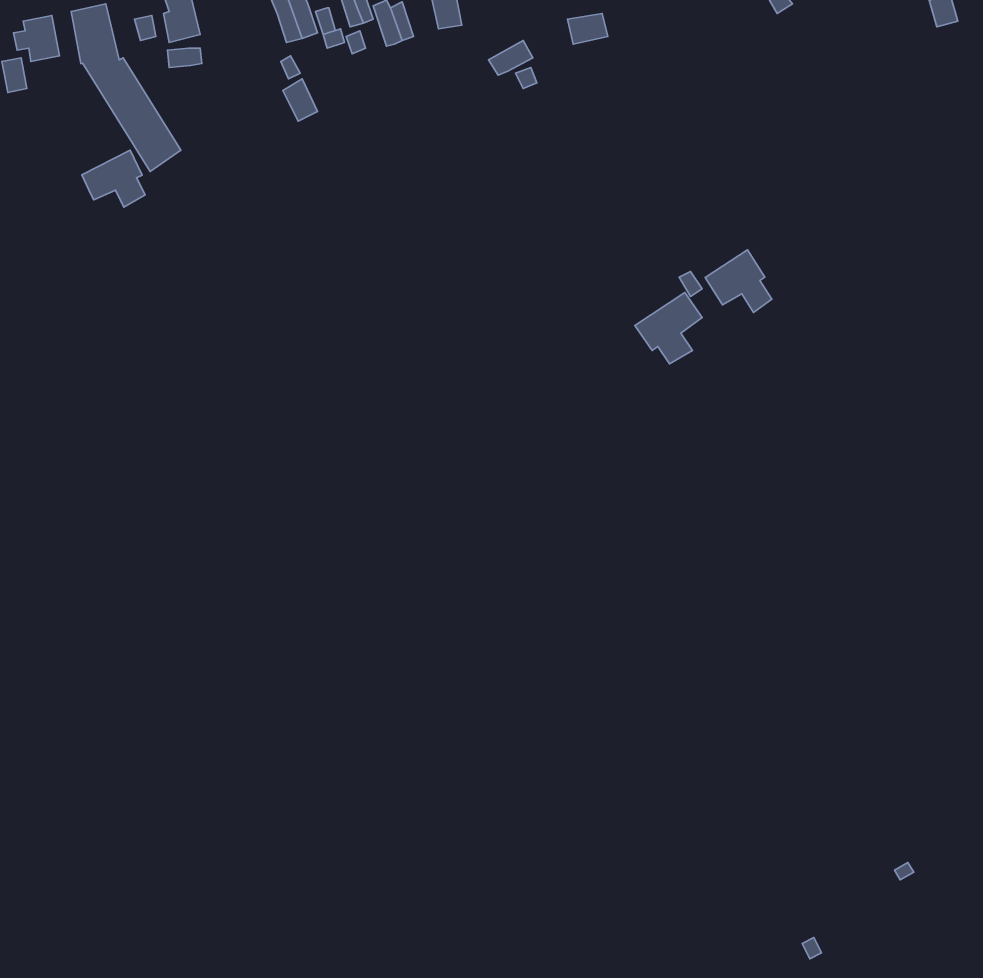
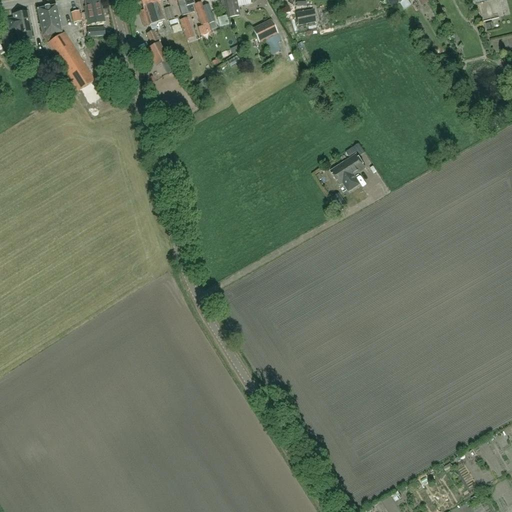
building: [82,150,145,207] -> none
building: [705,250,772,313] -> none

